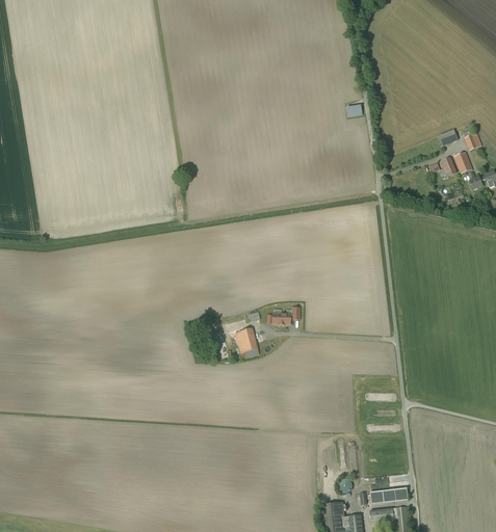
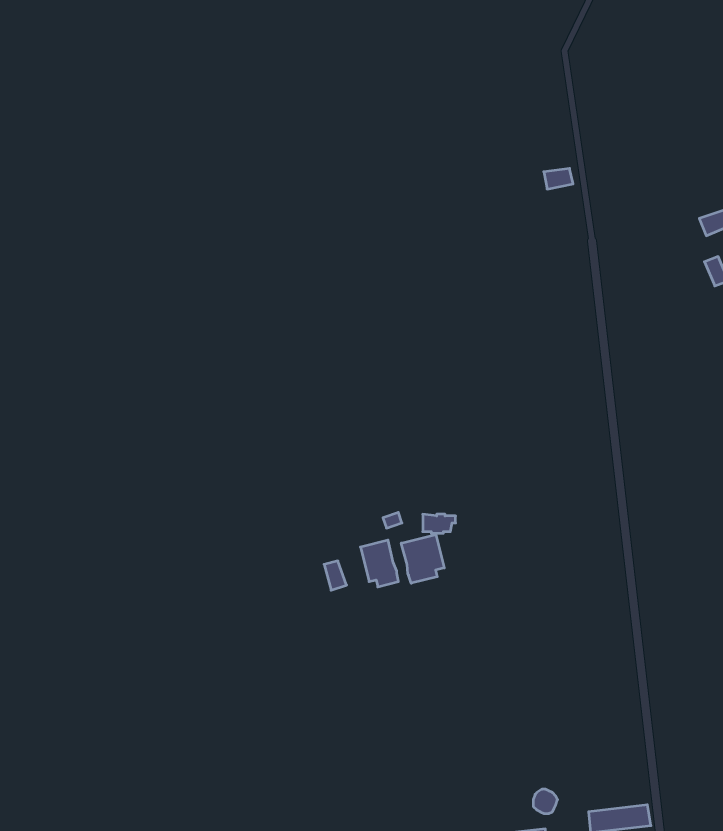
building: none -> [401,534,444,583]

